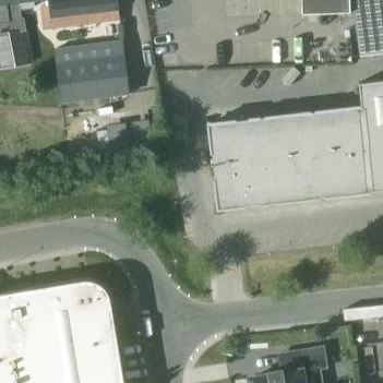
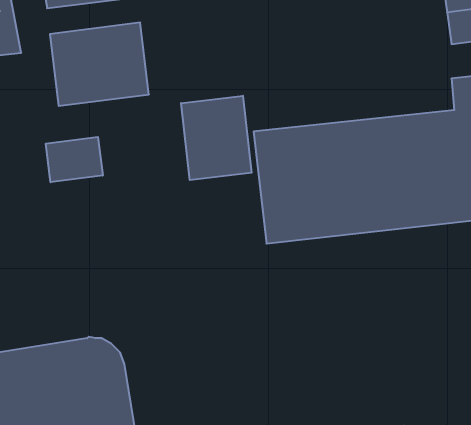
building: none -> [181,96,252,180]
building: none -> [46,137,103,182]

